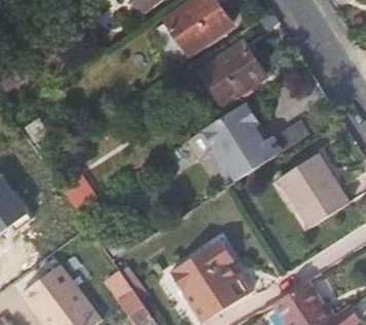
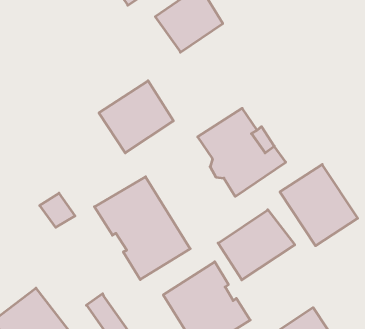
building: [199,40,266,105] -> [99,81,173,153]
building: none -> [94,177,190,280]
building: none -> [218,210,295,280]

